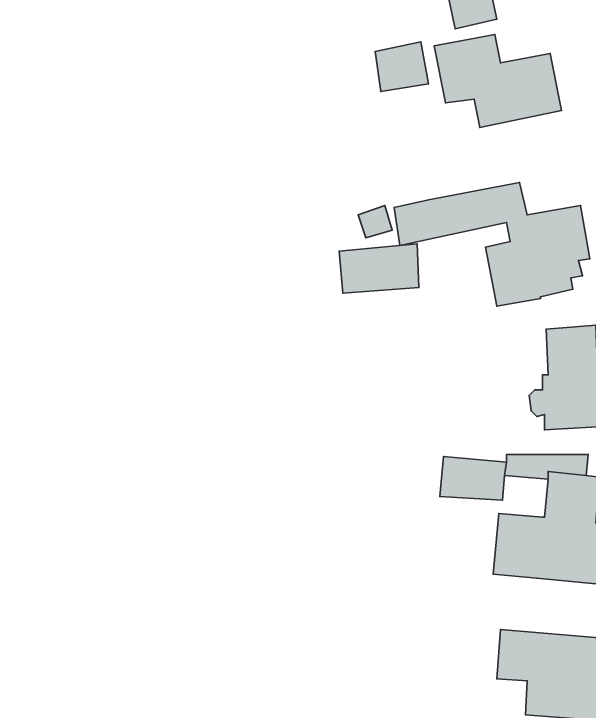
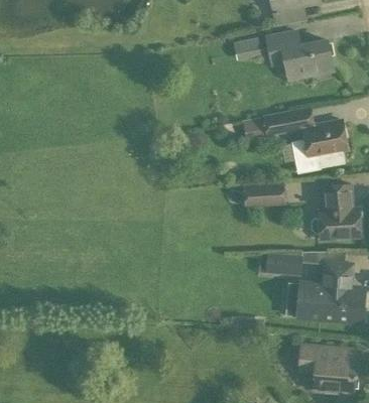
building: [339,244,419,293] -> [243,181,285,208]

